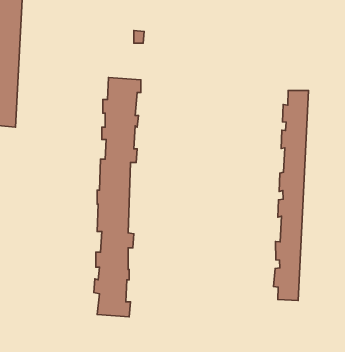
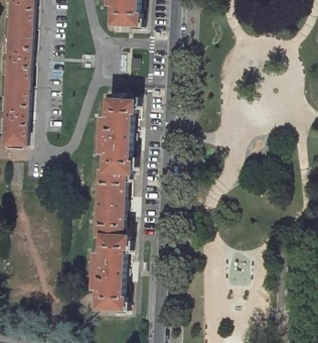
building: [273,90,308,301] -> none

